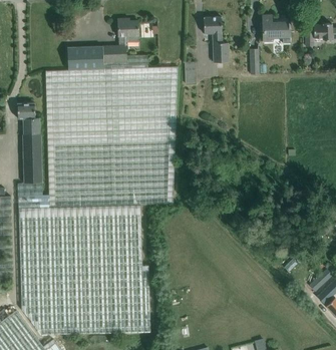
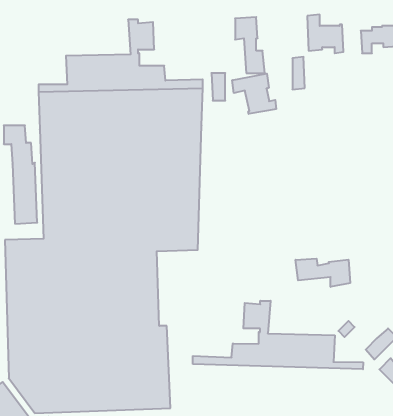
building: none -> [232,74,276,114]
building: none -> [296,259,350,287]
building: none -> [193,301,363,369]

